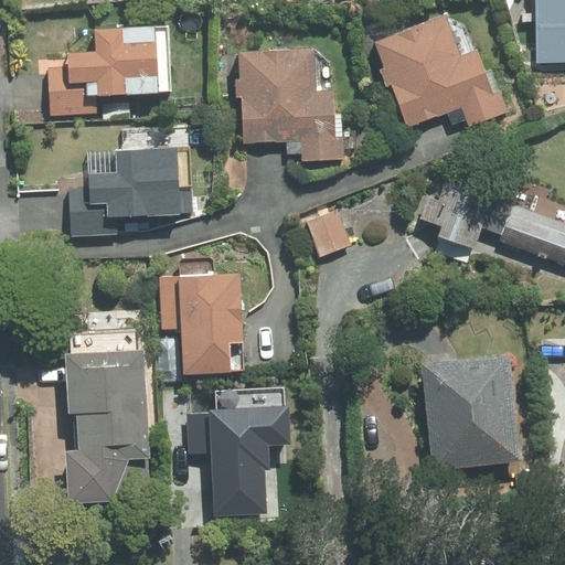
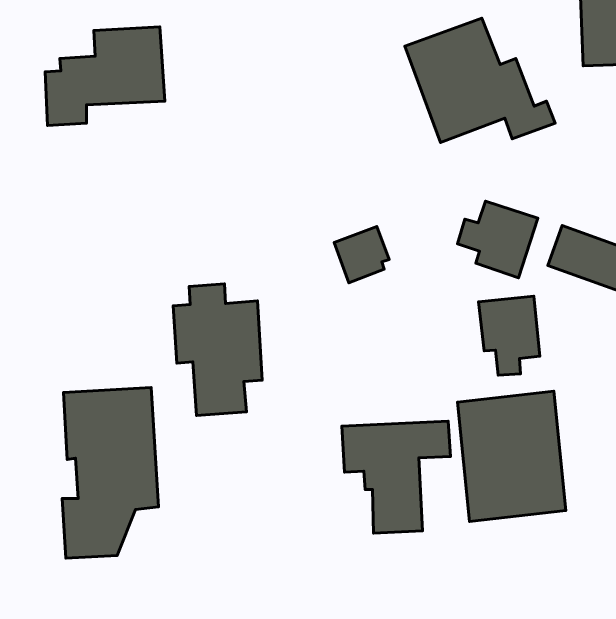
building: [236,49,347,162] -> none
building: [71,149,177,235] -> none
building: none -> [479,296,540,375]
building: [192,408,290,510] -> [342,421,450,533]

